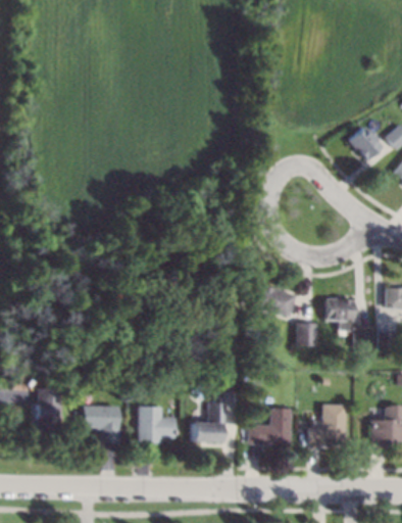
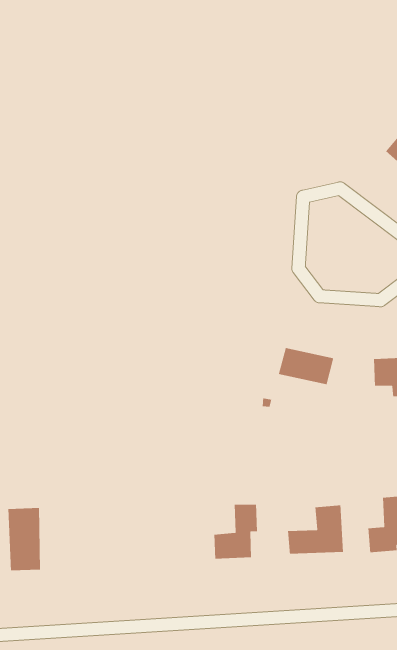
building: [297,322,316,345] -> none
building: [82,405,119,443] -> none
building: [138,406,174,444] -> none

